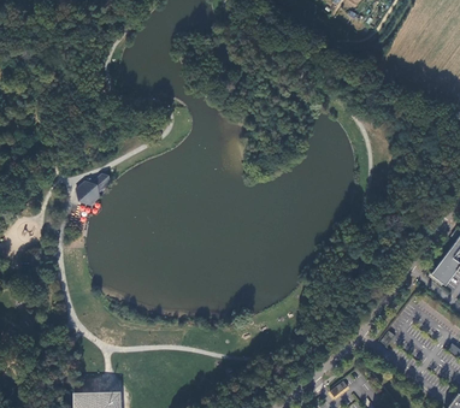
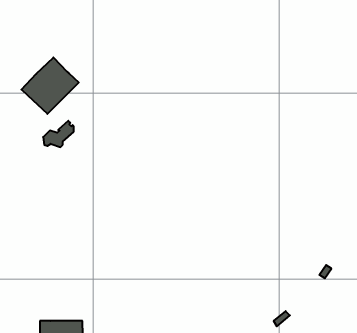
building: none -> [21,57,79,114]

